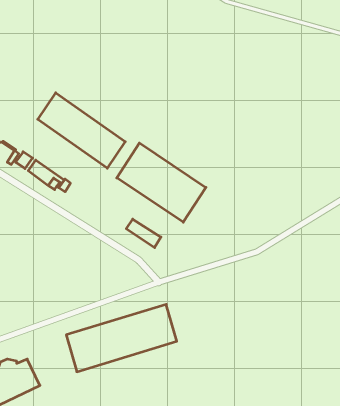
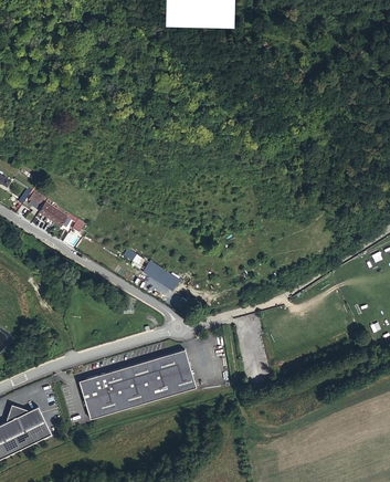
building: [38,93,125,168] -> none
building: [117,143,206,222] -> none

